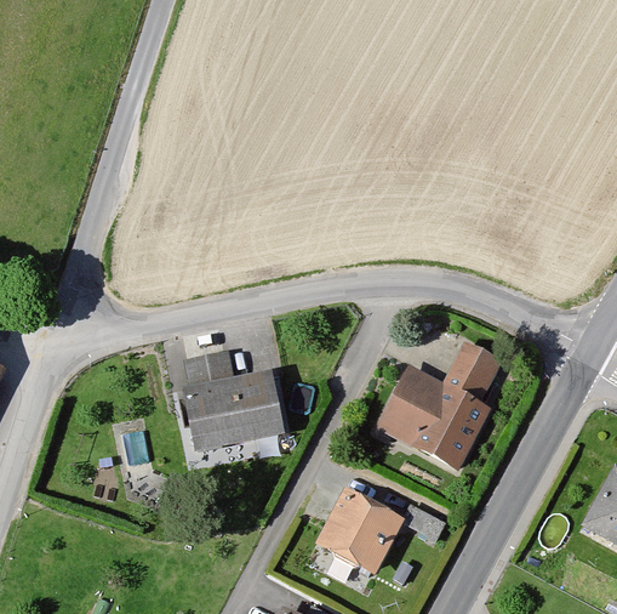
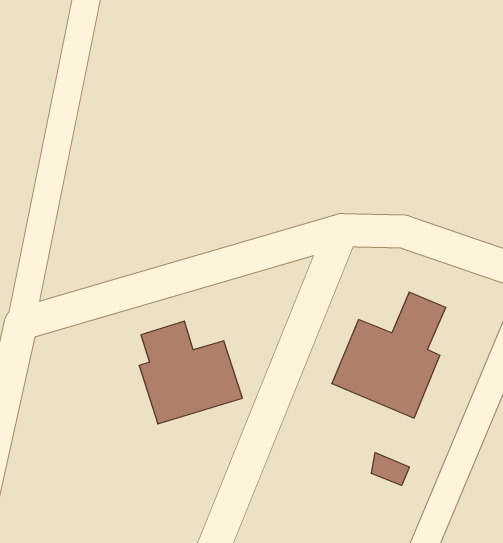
building: [318,488,406,575] -> none

